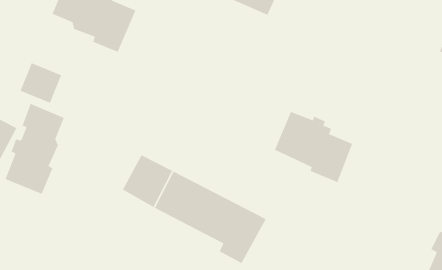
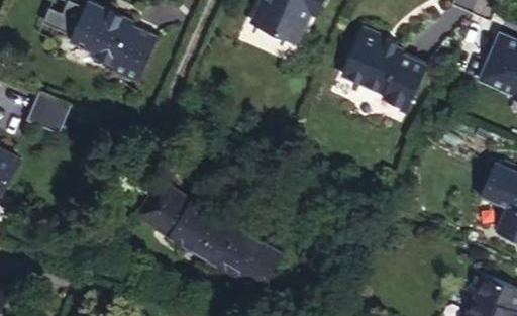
building: [4,103,65,195] -> none
building: [274,111,353,183] -> [341,31,424,107]

